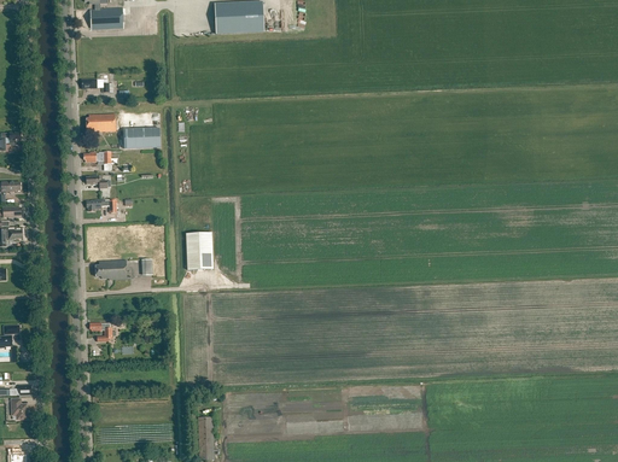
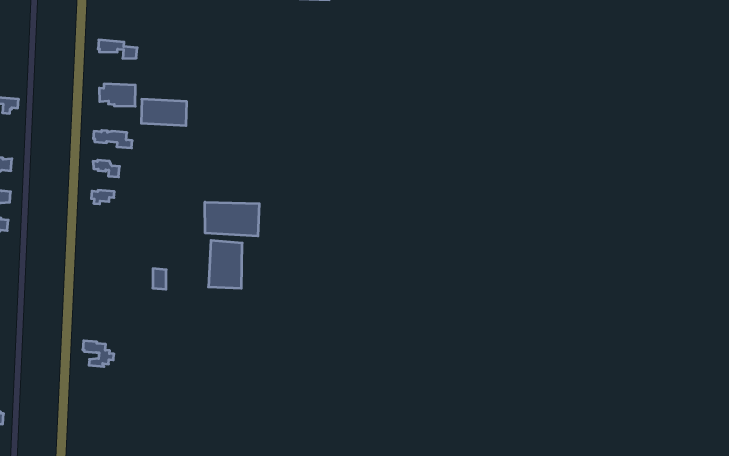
building: none -> [205,202,259,236]
building: [95,261,130,280] -> none

